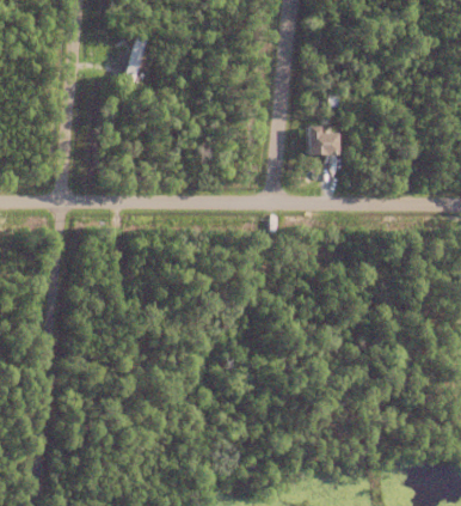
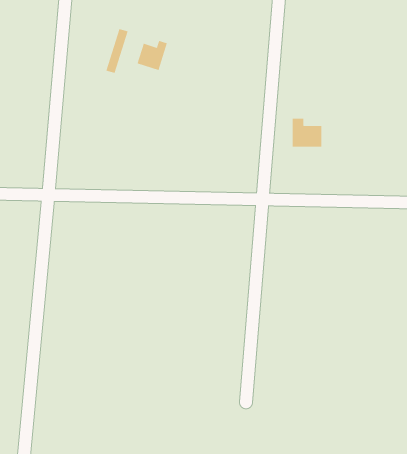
building: none -> [137,40,168,71]

